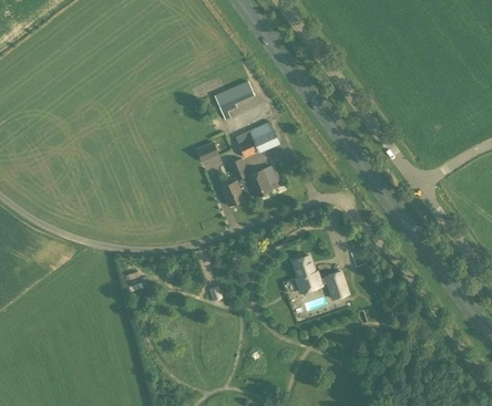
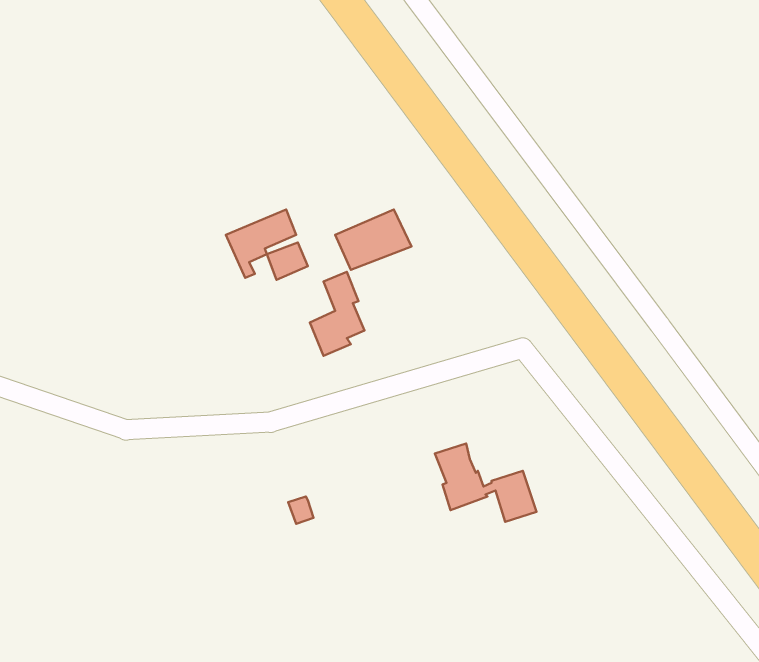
building: [214,81,254,119] -> [226,209,296,278]
building: [245,165,277,196] -> none

